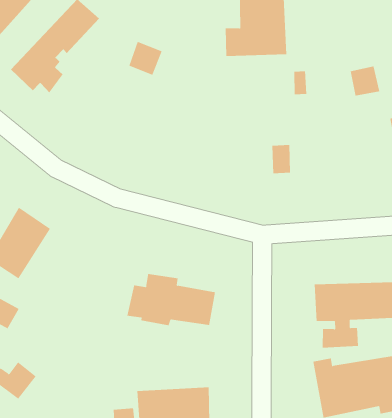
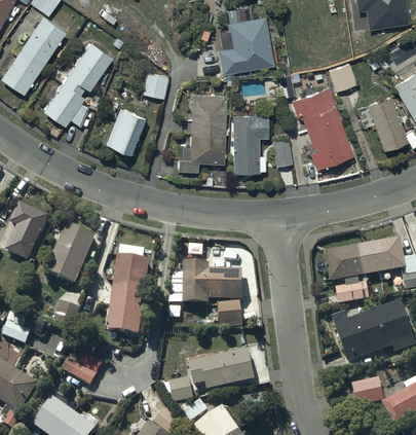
building: none -> [178,90,226,169]
building: none -> [105,105,146,151]
building: none -> [291,84,352,167]
building: none -> [231,113,266,170]
building: none -> [108,245,149,333]
building: none -> [218,300,241,326]

